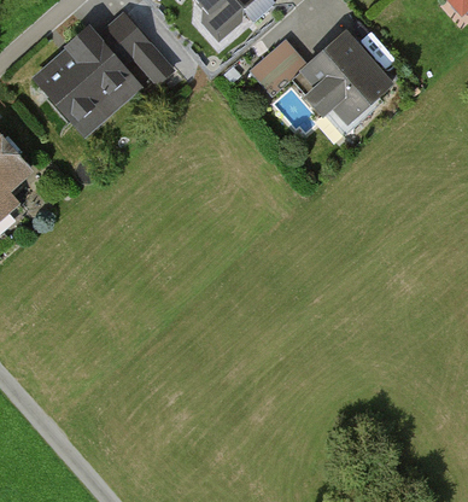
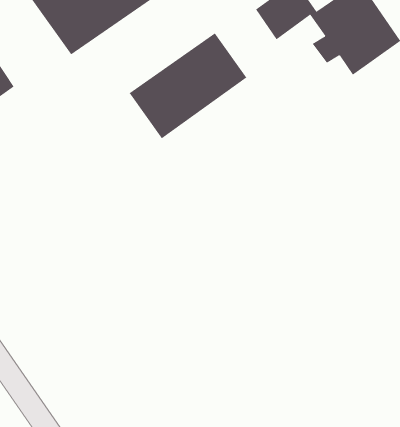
building: none -> [129,33,247,139]

